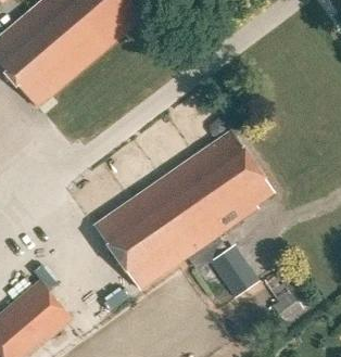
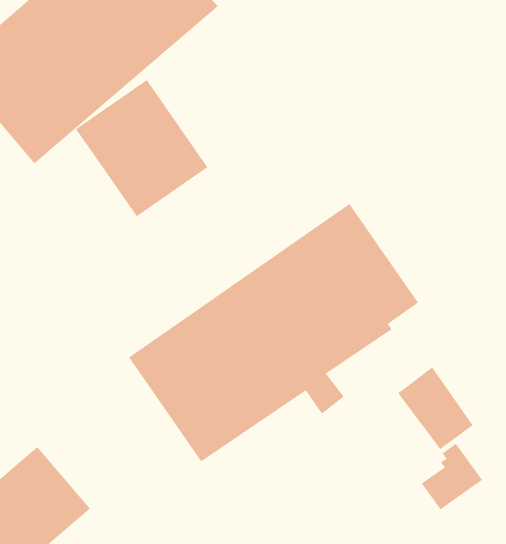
building: none -> [75,79,208,217]
building: [210,246,256,297] -> [397,367,473,450]

